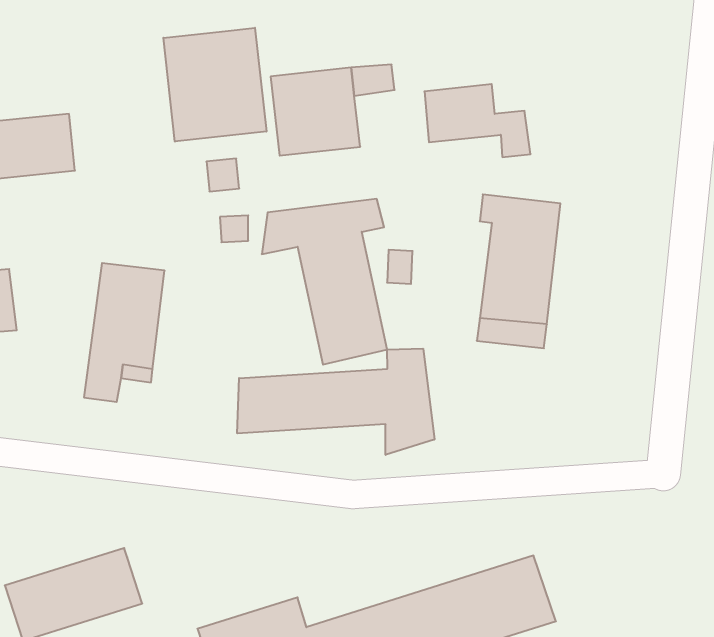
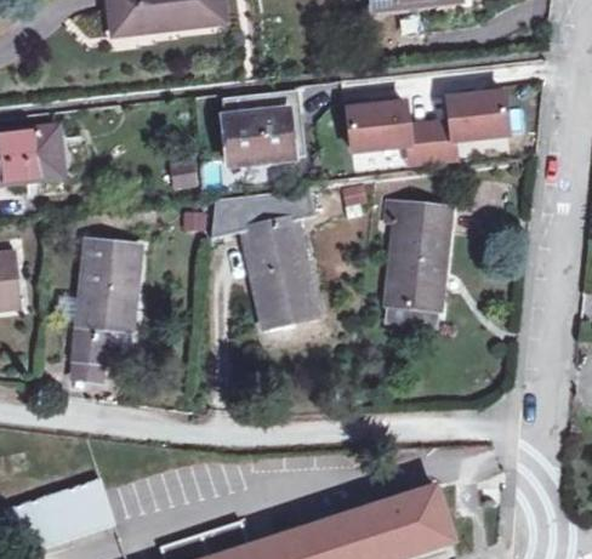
building: [163,28,266,142] -> none
building: none -> [427,92,508,161]
building: [237,349,434,455] -> none

